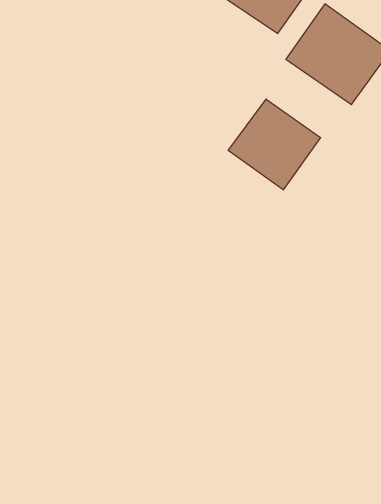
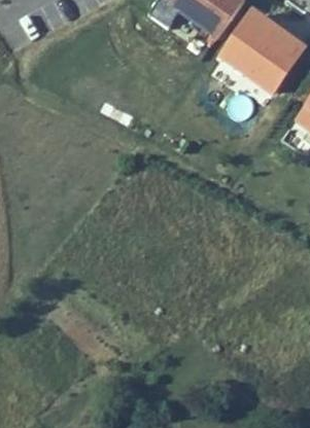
building: [228,99,321,190] -> none

